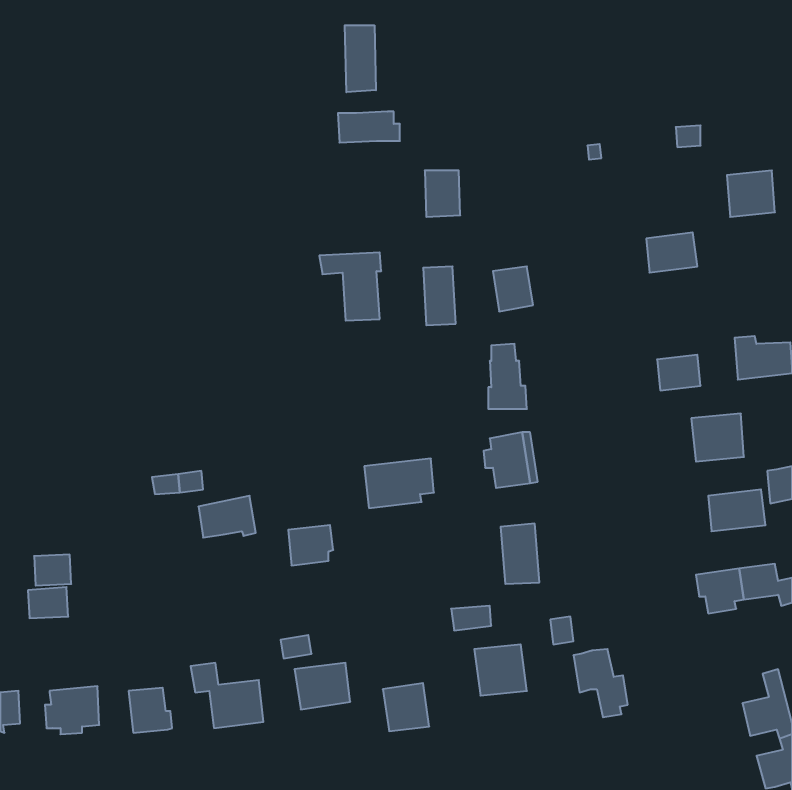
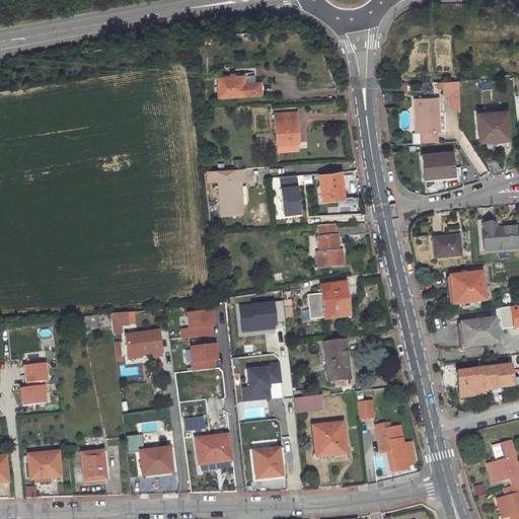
building: [345,25,376,92] -> none
building: none -> [415,98,438,134]
building: none -> [179,309,215,339]
building: none -> [241,362,281,401]

